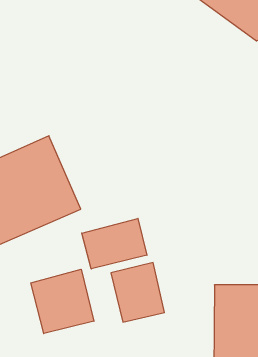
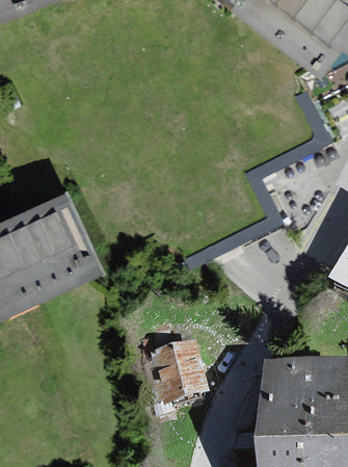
building: [82,218,147,269] -> none
building: [31,269,94,334] -> none

